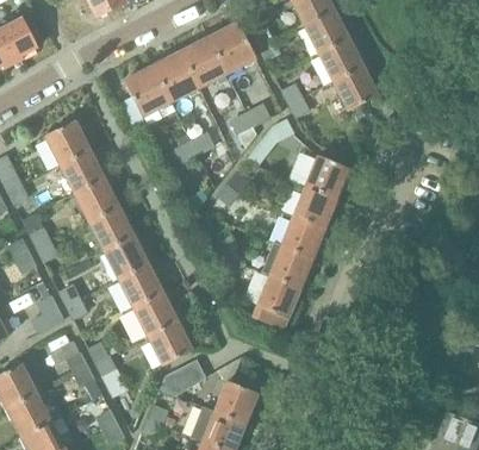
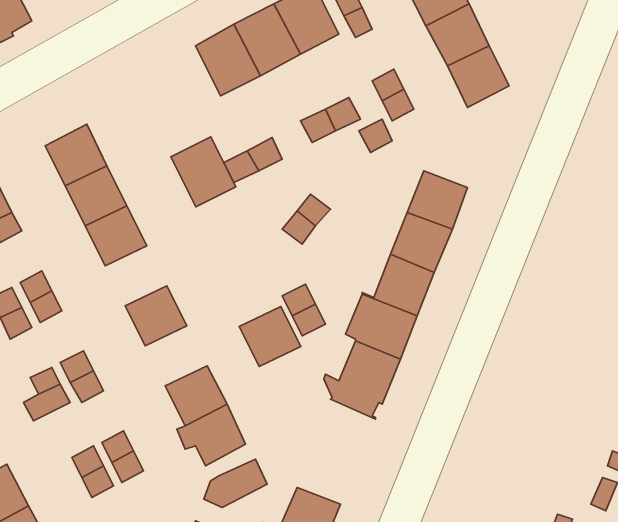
building: [125,65,172,115] -> [171,137,236,207]
building: [89,208,133,251] -> none
building: [118,265,162,308] -> [239,306,301,367]

